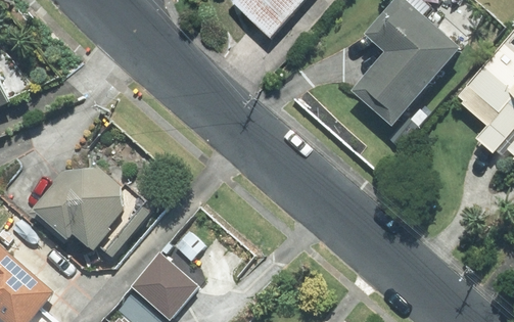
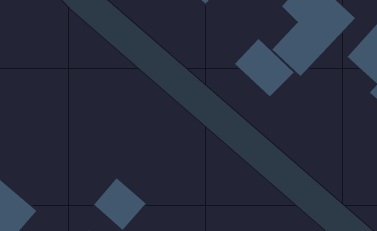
building: none -> [234,38,294,97]
building: [25,150,151,268] -> none

